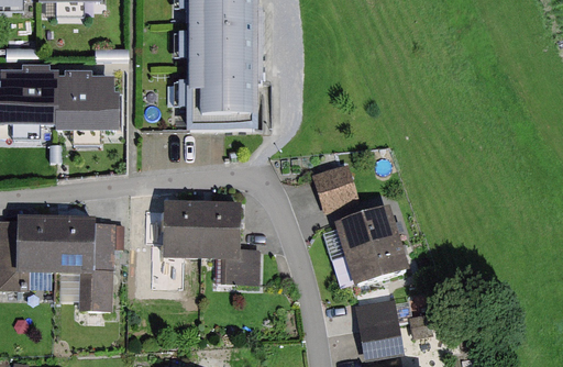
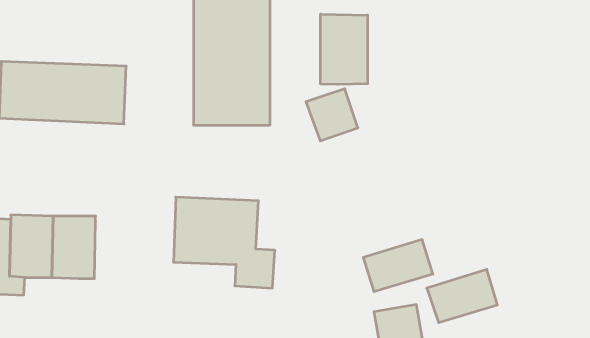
building: none -> [320,14,368,84]
building: [316,162,364,210] -> [306,89,358,141]
building: [332,204,398,254] -> [427,269,497,323]
building: [77,221,113,309] -> none

